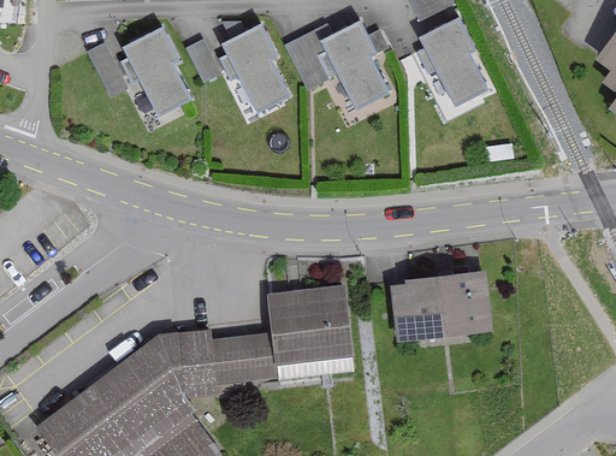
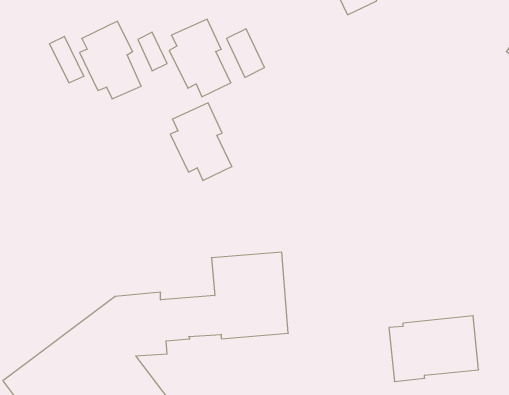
building: [416,20,486,107] -> none
building: [320,22,389,108] -> [170,103,232,181]
building: [391,271,491,344] -> [389,316,479,382]

